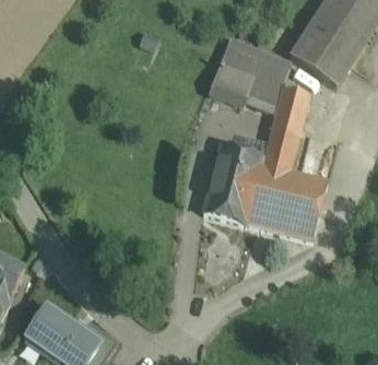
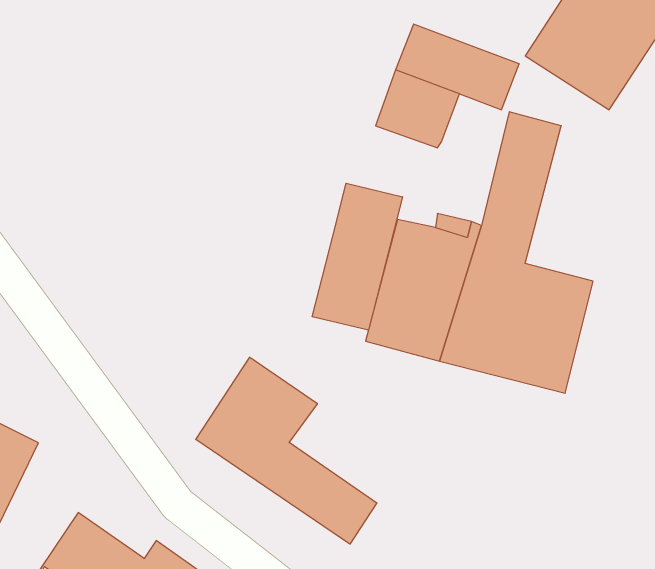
building: [245,76,277,111] -> none
building: none -> [312,183,402,330]
building: none -> [196,357,377,544]

